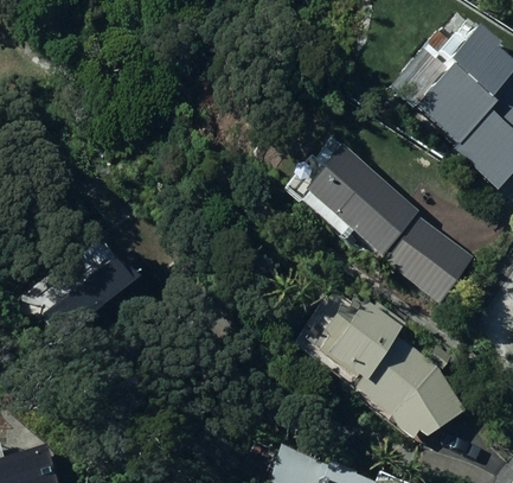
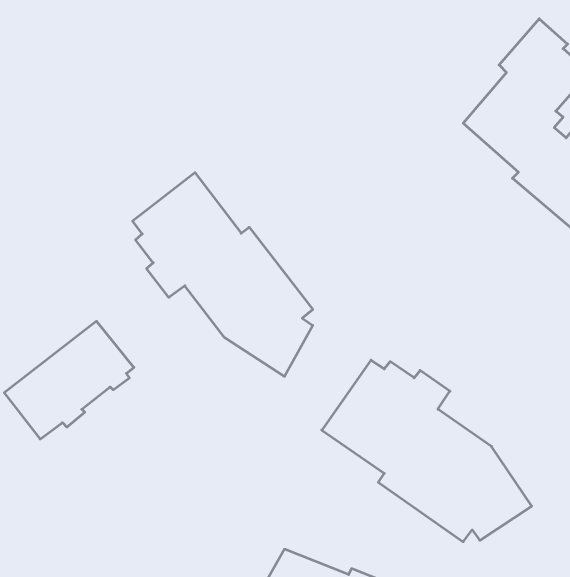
building: [300,142,476,303] -> none
building: none -> [133,173,313,376]

